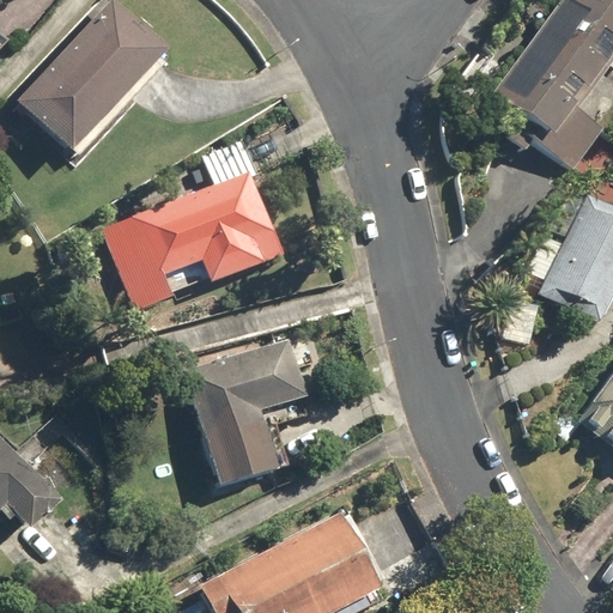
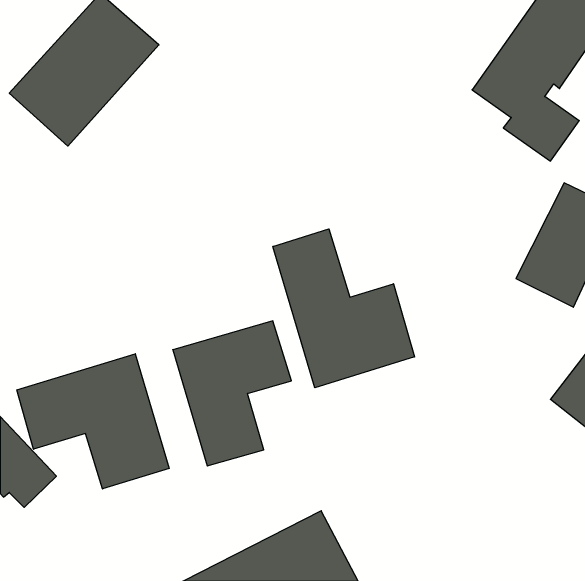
building: [104,170,285,310] -> none
building: none -> [273,229,415,388]
building: none -> [17,354,169,489]

